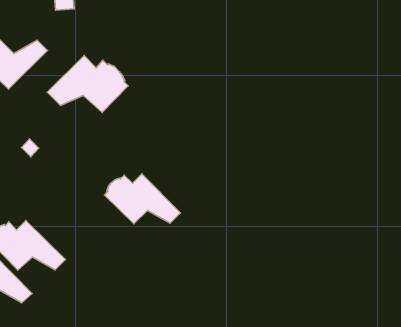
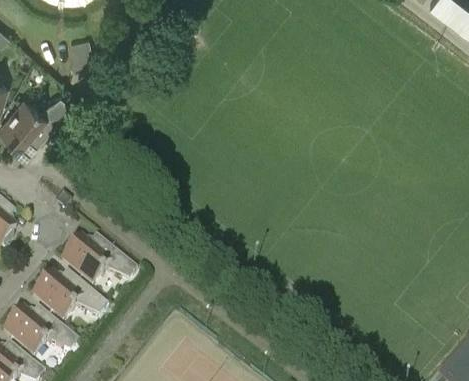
building: [47,56,128,113] -> none
building: [105,174,181,224] -> [62,236,137,285]

